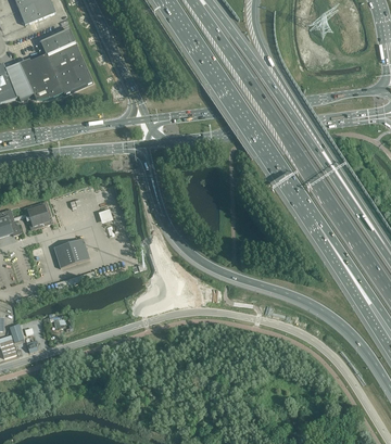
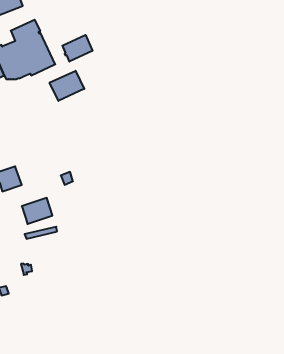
building: none -> [62,35,92,62]
building: none -> [50,71,84,101]

